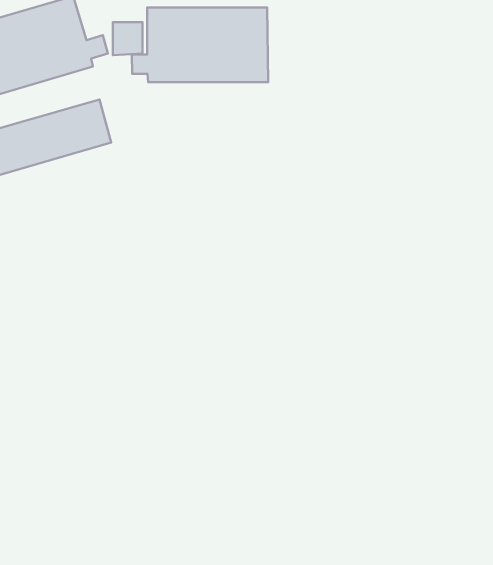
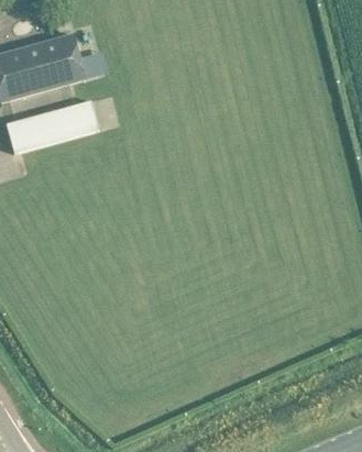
building: [132,7,268,82] -> none

